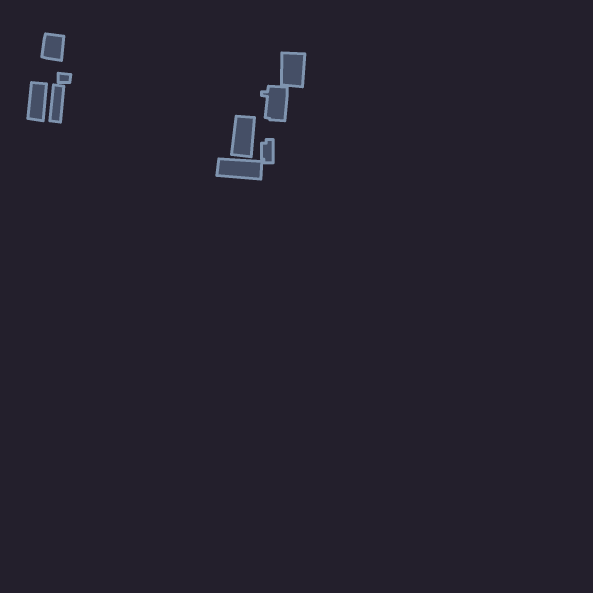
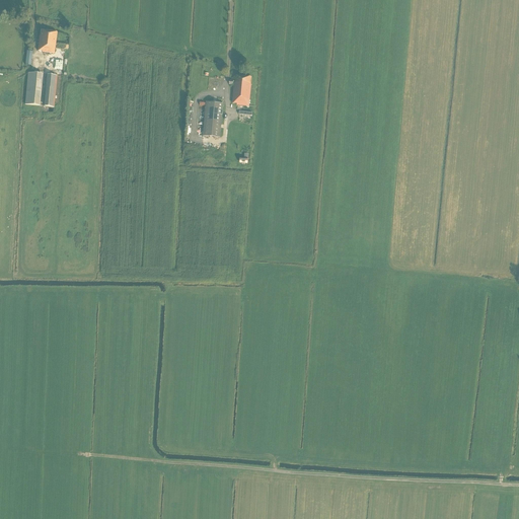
building: [281,53,305,87] -> none
building: [217,159,262,179] -> none

